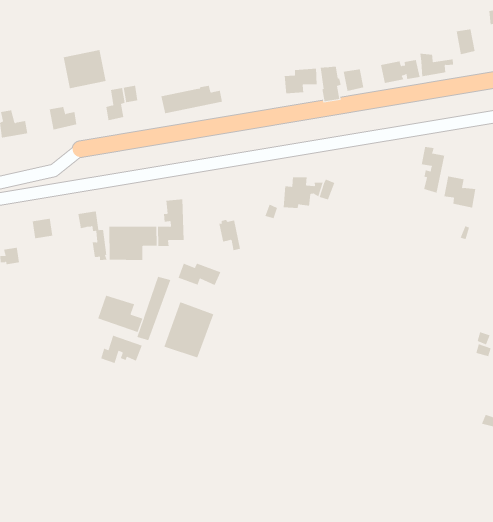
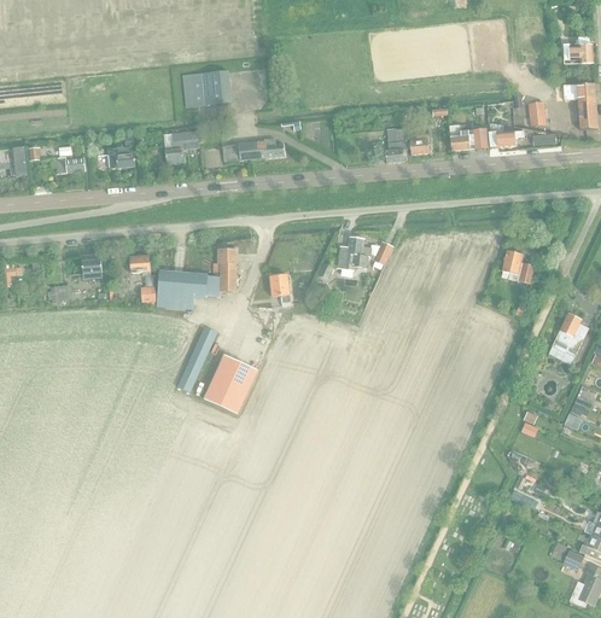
building: [63,49,106,89] -> [188,70,231,107]
building: [284,68,317,94] -> none
building: [421,146,445,193] -> none
building: [178,263,221,286] -> none
building: [97,295,143,333] -> none
building: [101,335,143,364] -> none

